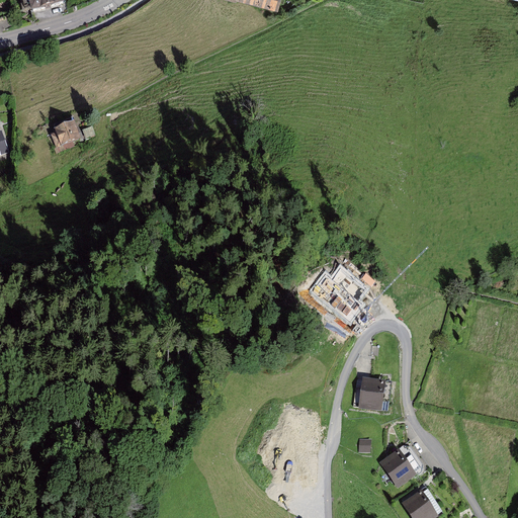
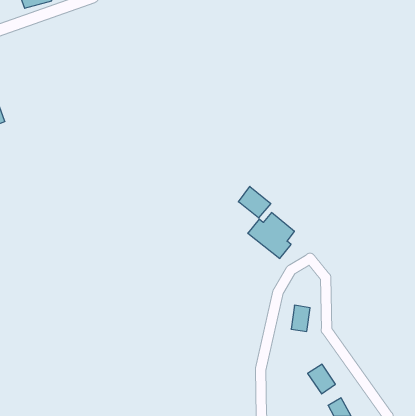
building: [55,120,82,146] -> none
building: none -> [238,186,271,218]

